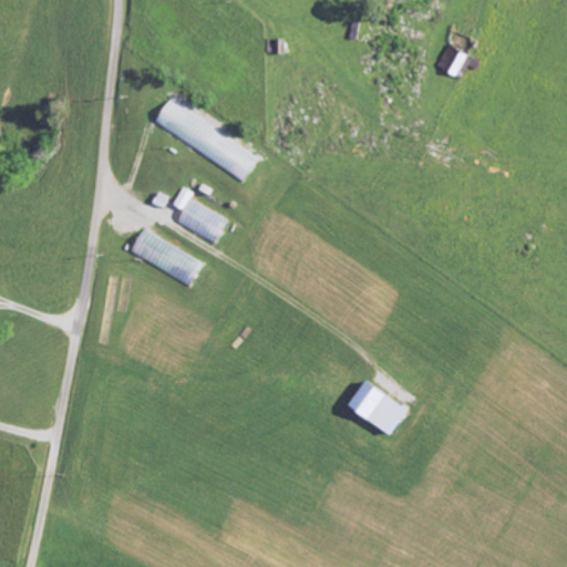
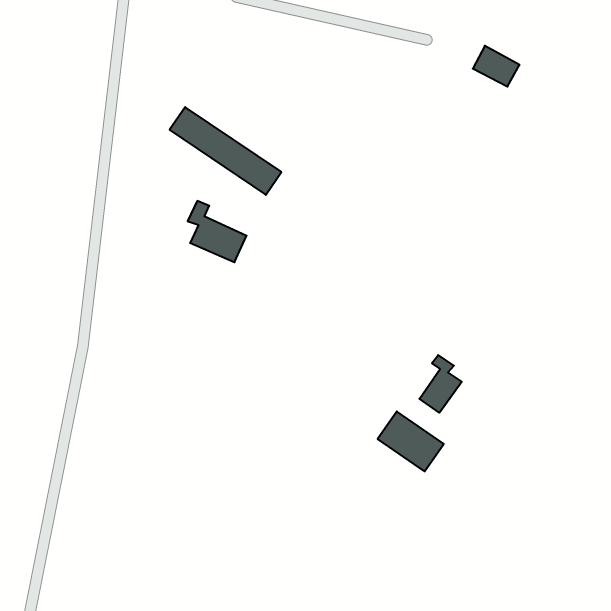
building: [128,227,202,285] -> none
building: none -> [419,355,462,413]

